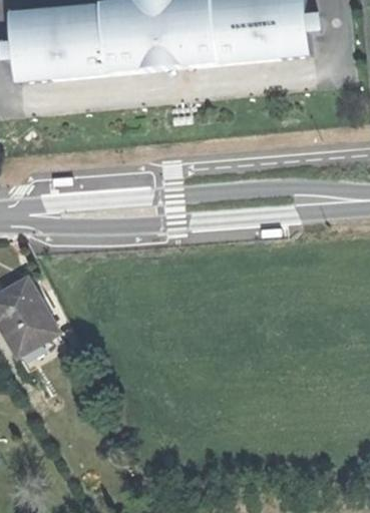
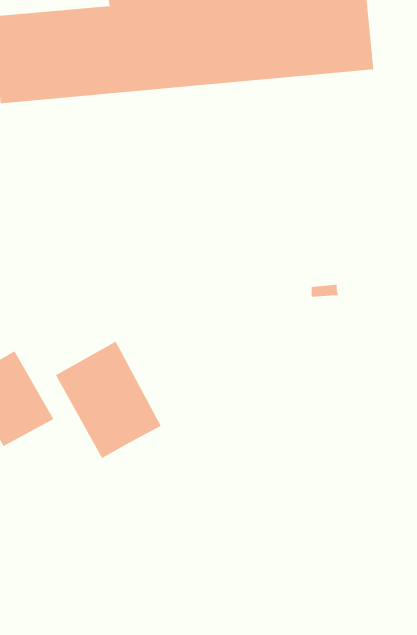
building: none -> [55,341,162,459]

